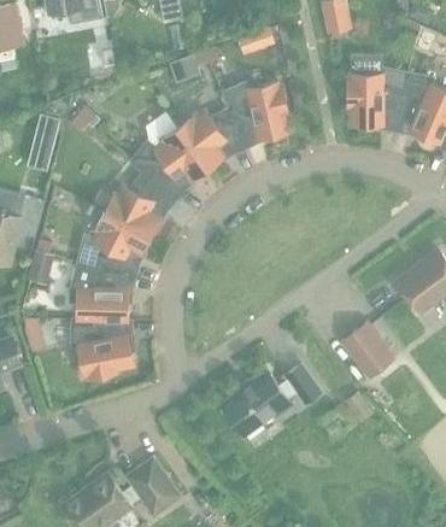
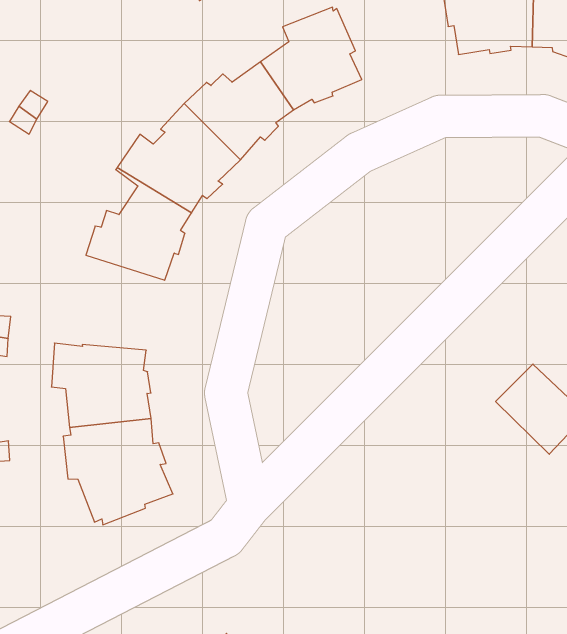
building: [92,213,149,277] -> none
building: [221,365,321,438] -> none

